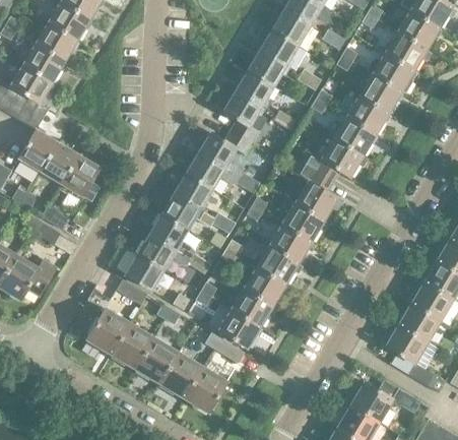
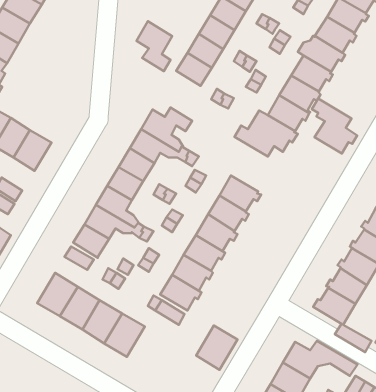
building: [223,90,262,144] -> [136,21,172,71]
building: [291,162,340,221] -> [312,99,357,153]
building: [183,366,227,414] -> [196,325,238,370]

